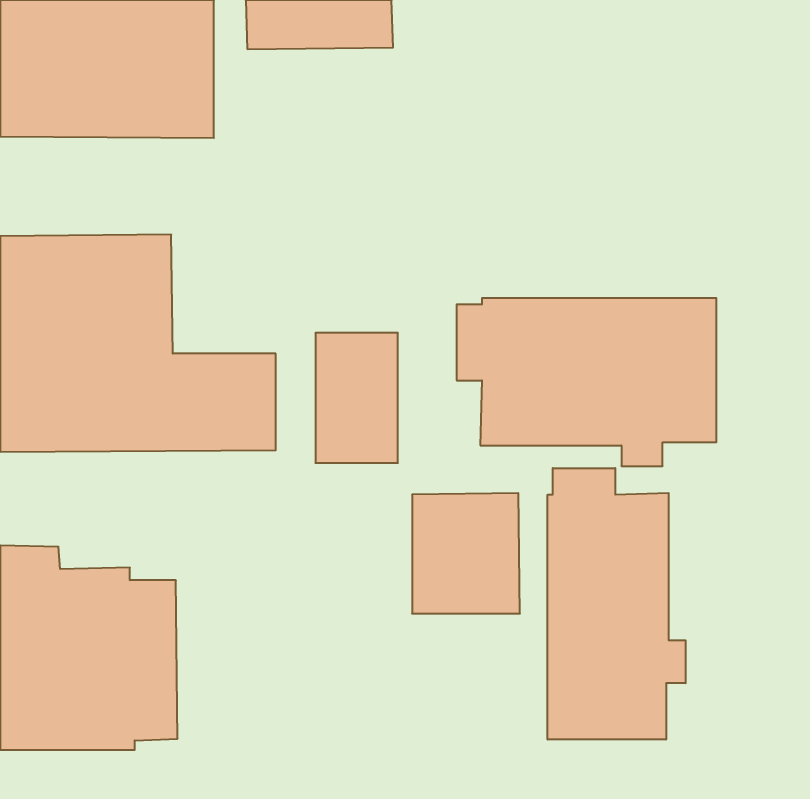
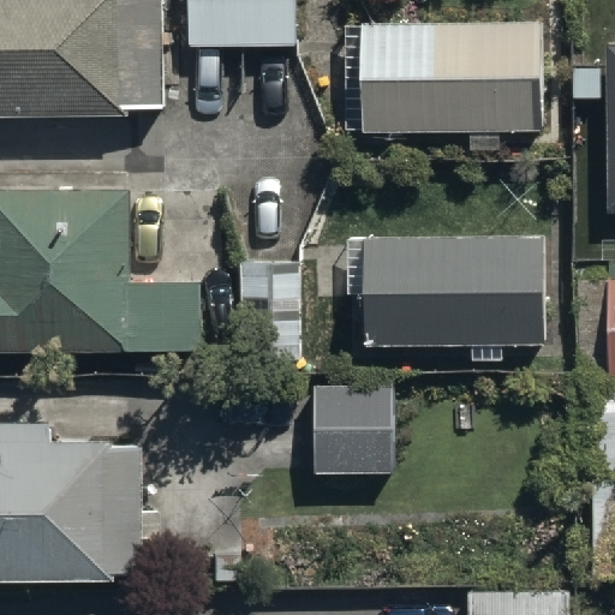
building: none -> [344,20,543,150]
building: [548,468,686,740] -> none

